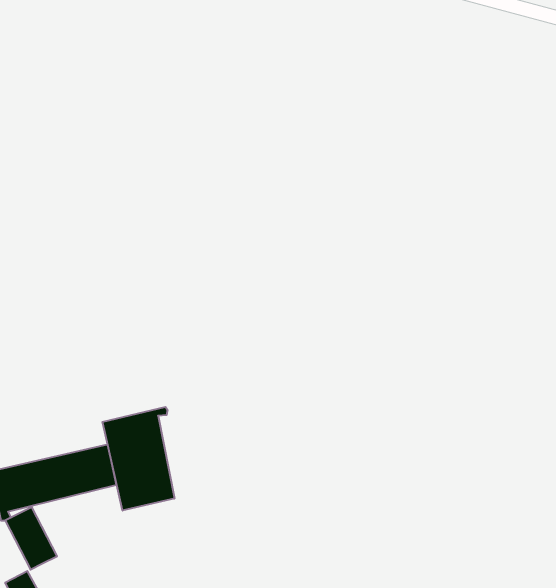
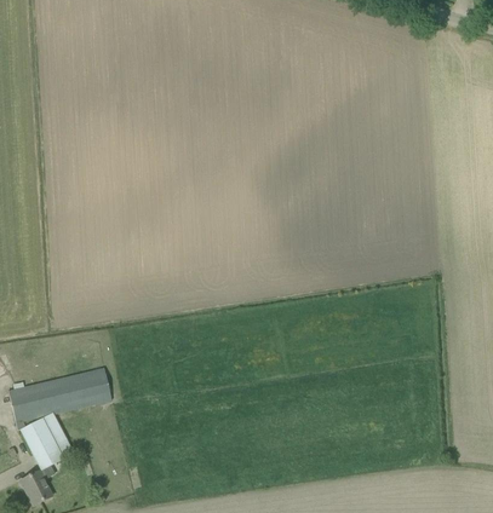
building: [102,407,174,511] -> none

